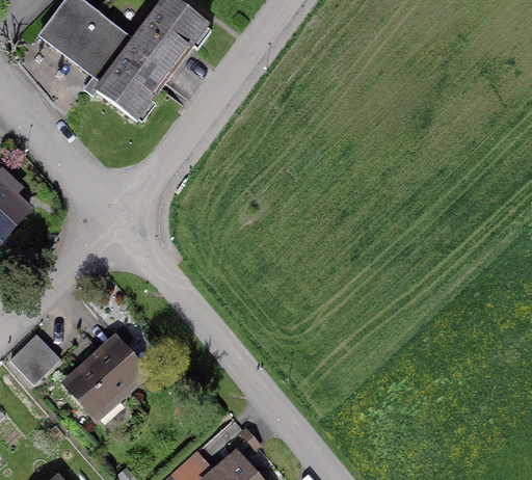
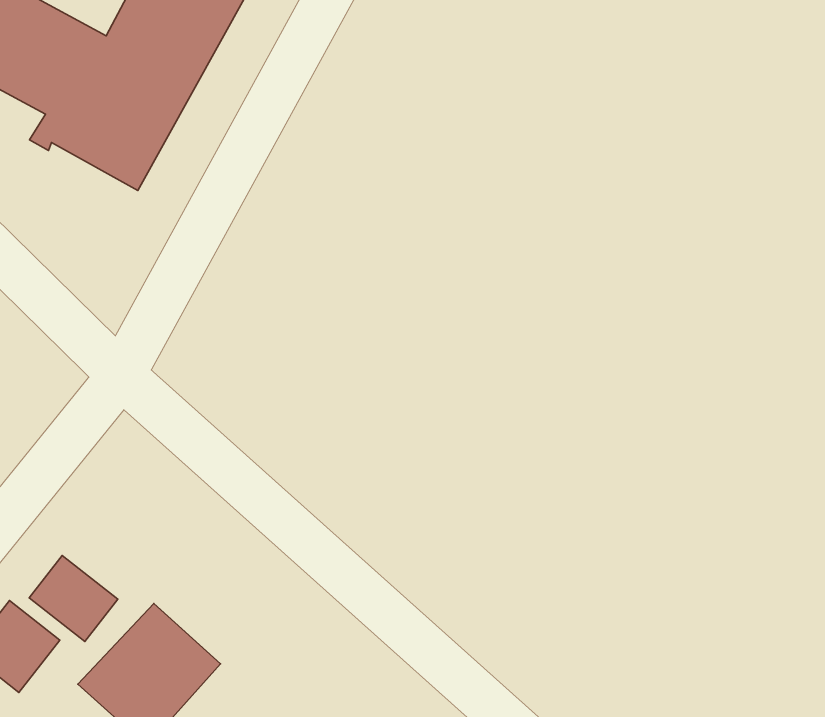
building: none -> [29,556,118,641]

